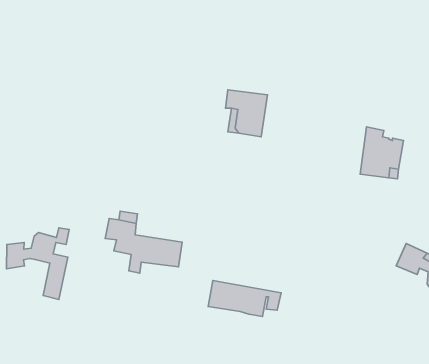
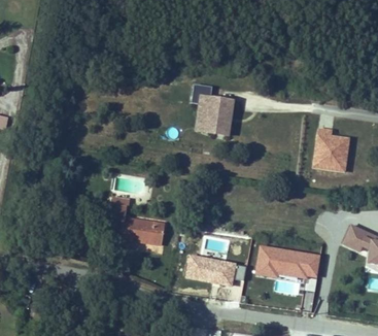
building: [7,228,69,299] -> none
building: none -> [255,243,321,277]

